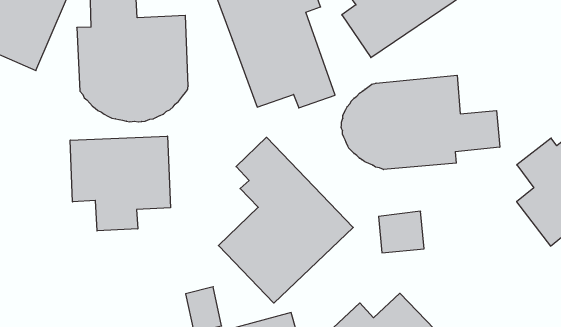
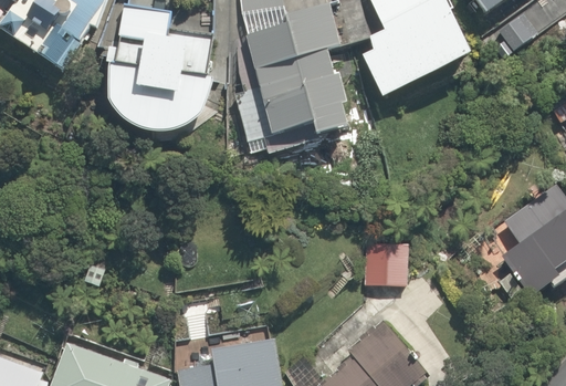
building: [341,75,500,170] -> none
building: [70,136,170,231] -> none
building: [218,137,353,303] -> none

